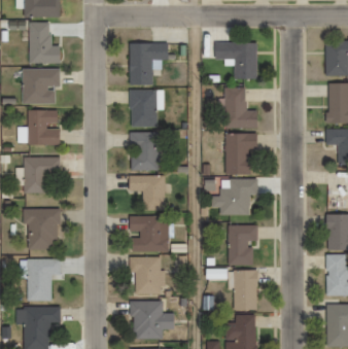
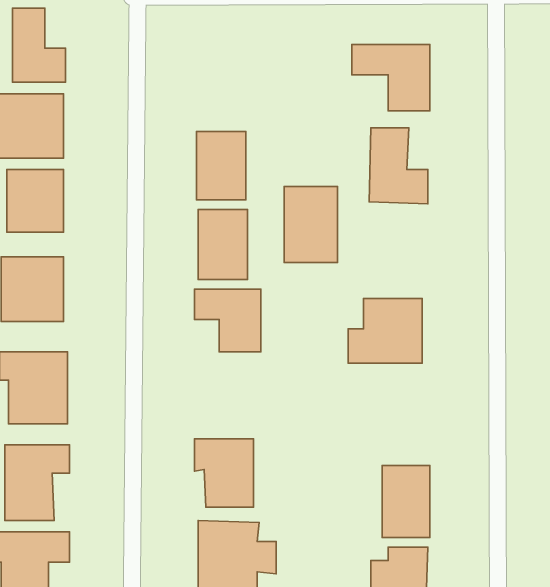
building: [129,42,165,84] -> none
building: [224,133,253,174] -> [284,187,337,262]
building: [129,216,168,251] -> none
building: [228,225,256,265] -> none

